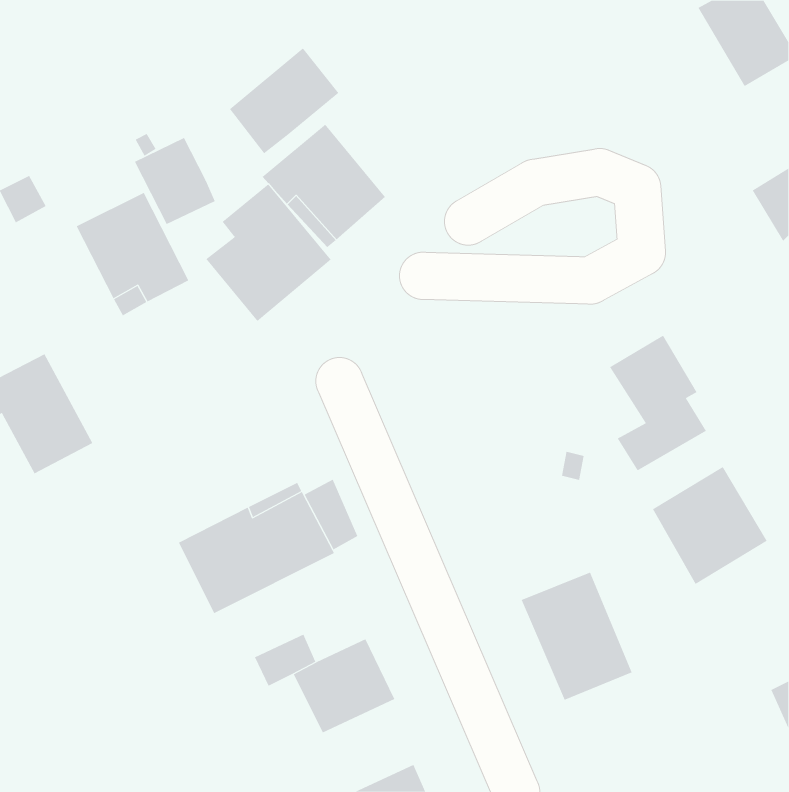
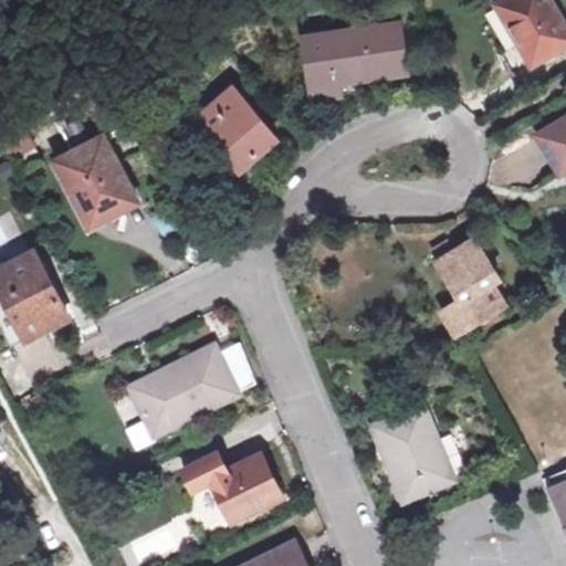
building: none -> [303,23,405,98]
building: [229,48,339,154] -> none
building: [134,137,216,225] -> none
building: [205,184,331,322] -> none
building: [652,466,768,585] -> none

